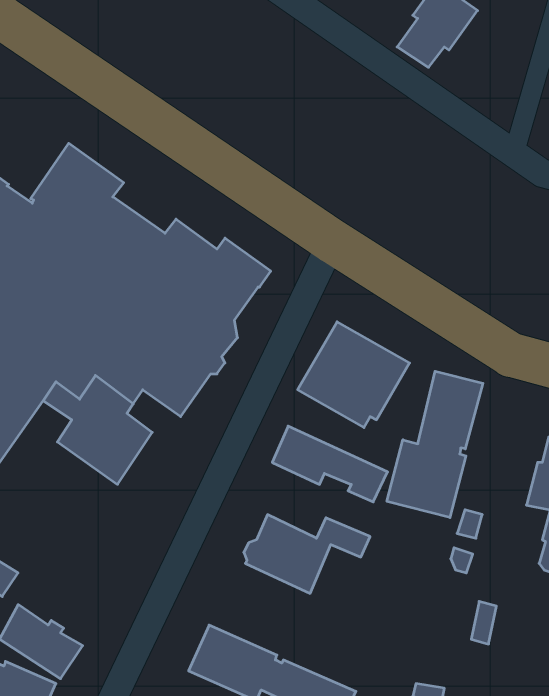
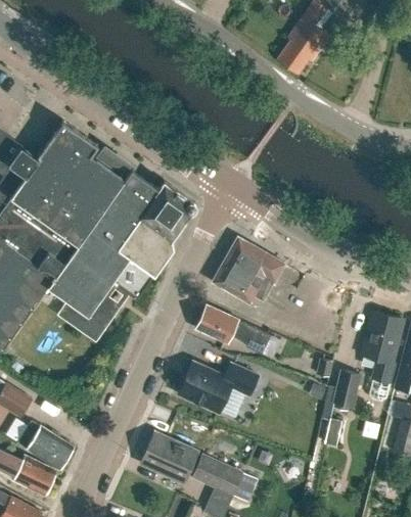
building: [387,371,483,518] -> none
building: none -> [333,369,362,408]

